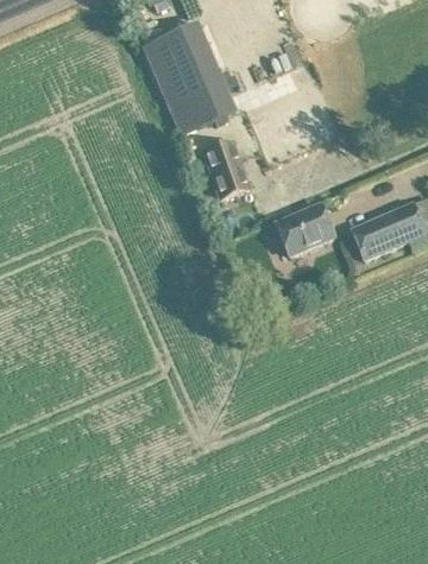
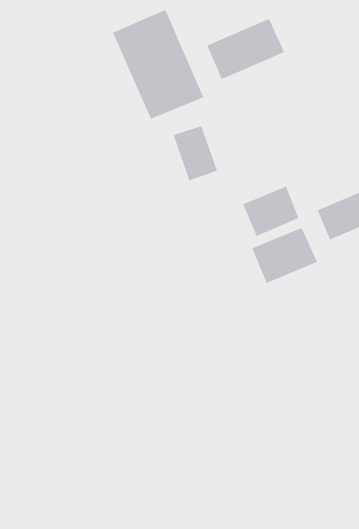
building: none -> [206,18,284,80]
building: none -> [252,227,318,284]

